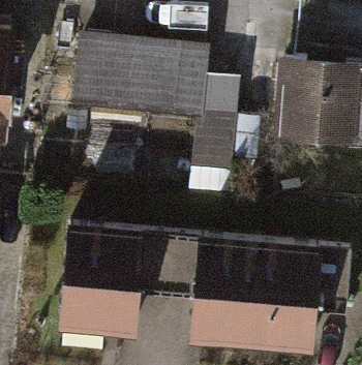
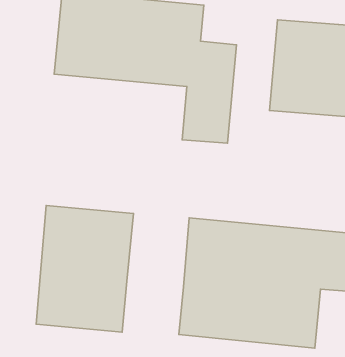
building: [141,232,198,299] -> none

